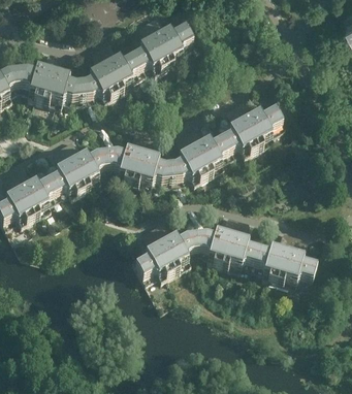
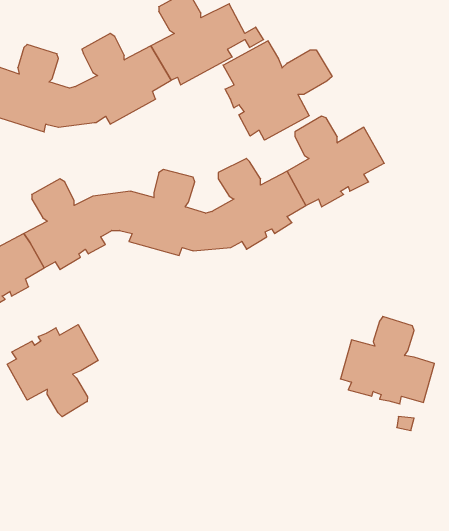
building: none -> [223,41,332,140]
building: [132,215,263,284] -> none
building: none -> [7,325,98,417]

